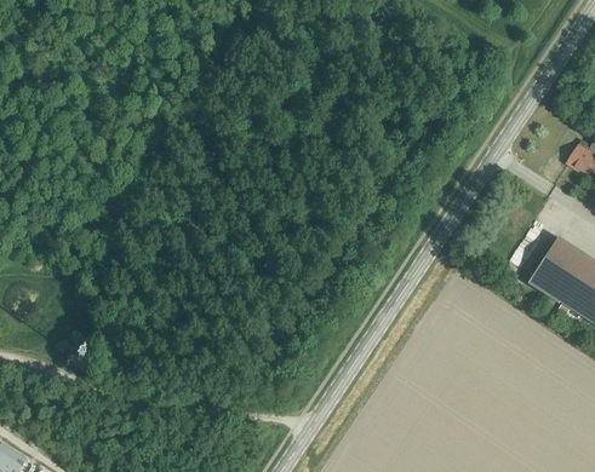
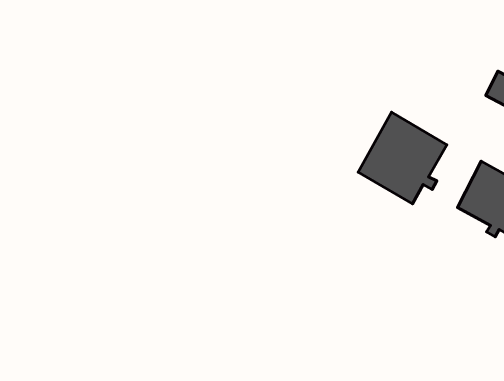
building: none -> [358,112,447,204]

